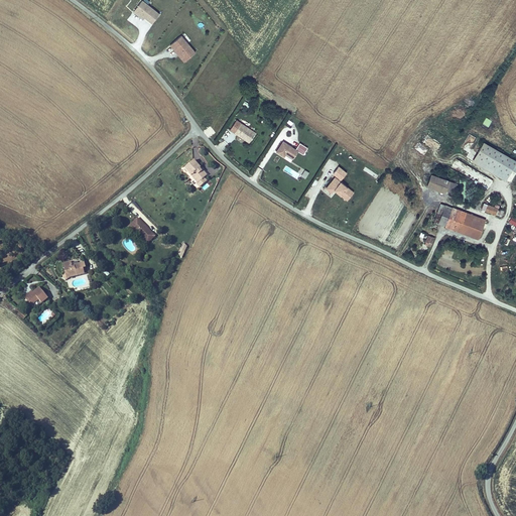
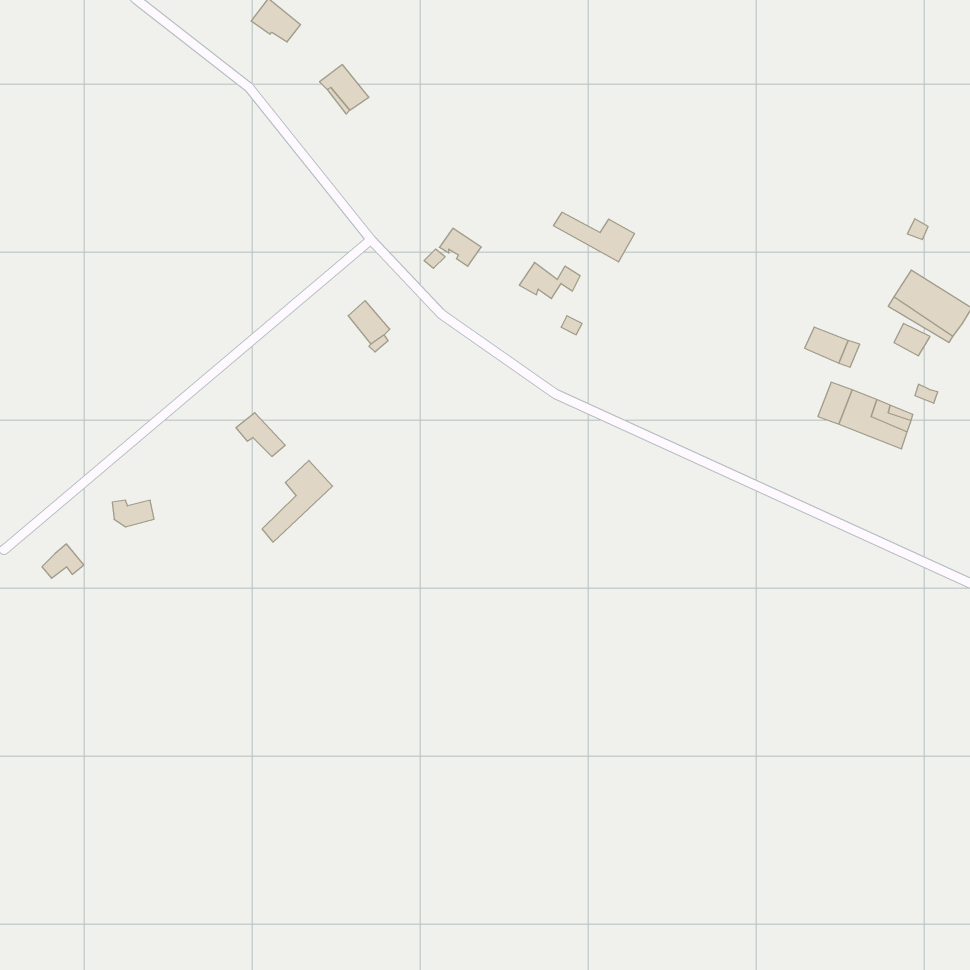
building: none -> [553,212,634,262]
building: [325,166,355,201] -> none
building: none -> [262,460,333,542]

